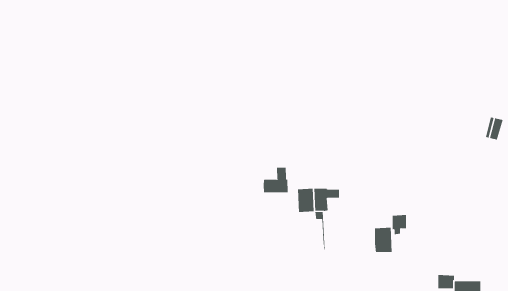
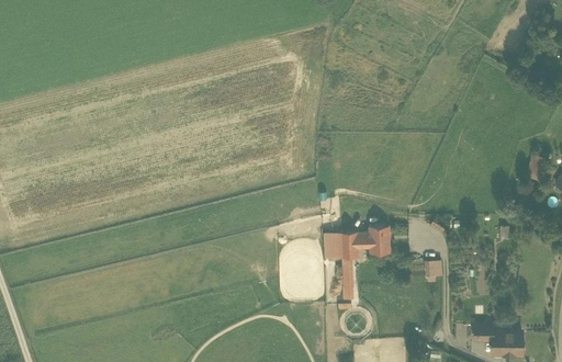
building: [263,167,288,193] -> none
building: [374,227,393,253] -> [369,226,389,253]

